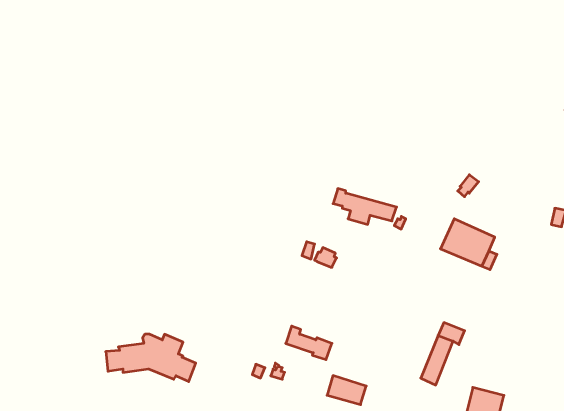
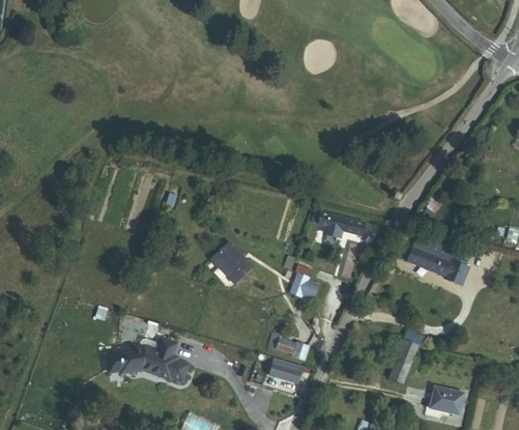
building: none -> [209,241,251,283]
building: none -> [289,274,318,299]
building: [327,376,366,405] -> [269,357,305,383]

